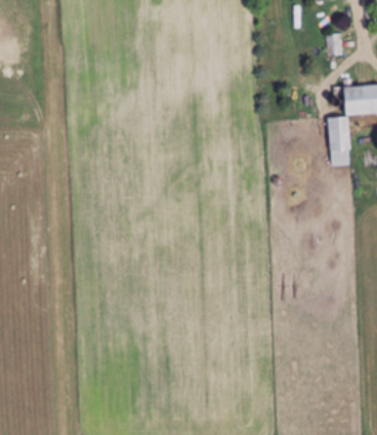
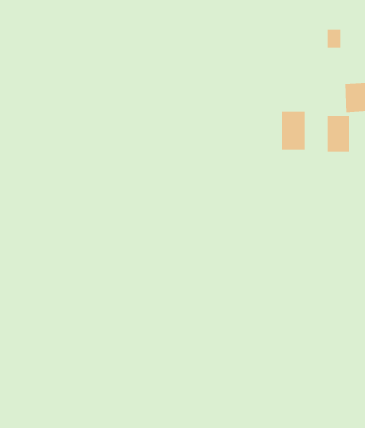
building: none -> [281,111,305,150]

